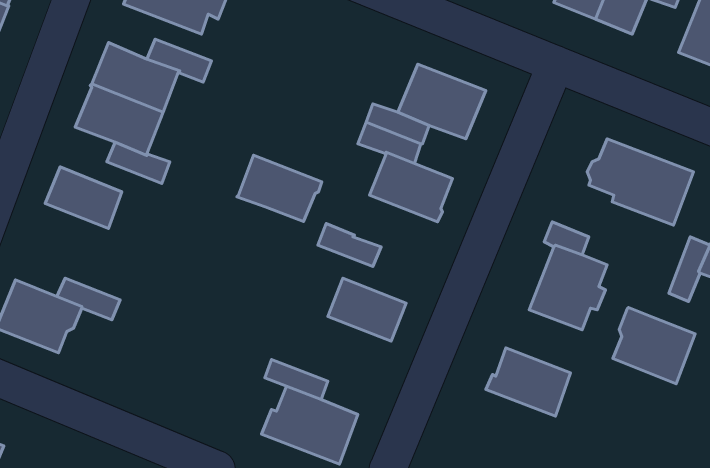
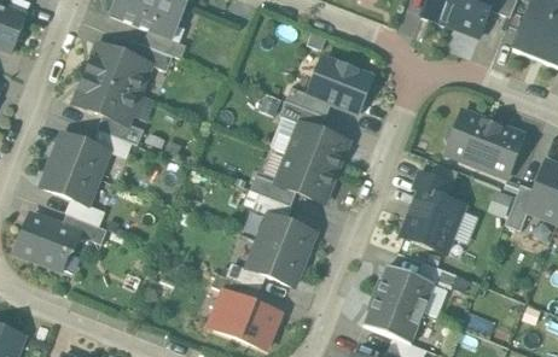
building: [237,155,322,222] -> [275,152,337,200]
building: none -> [41,158,98,203]
building: [613,308,695,384] -> none
building: none -> [246,240,303,285]
building: none -> [362,293,423,343]

